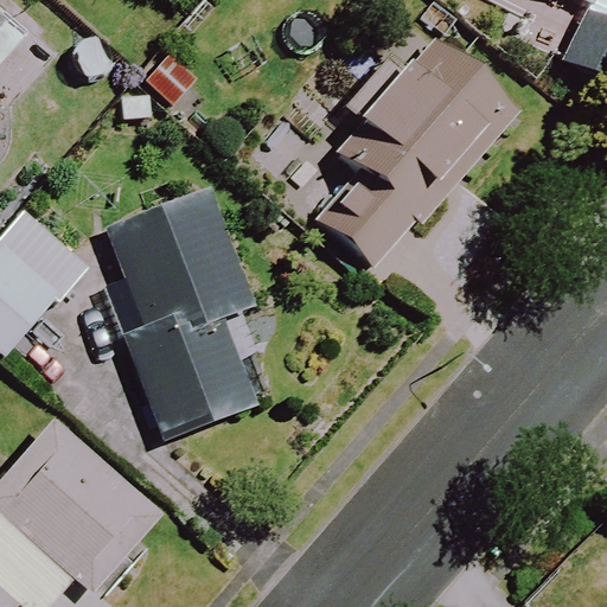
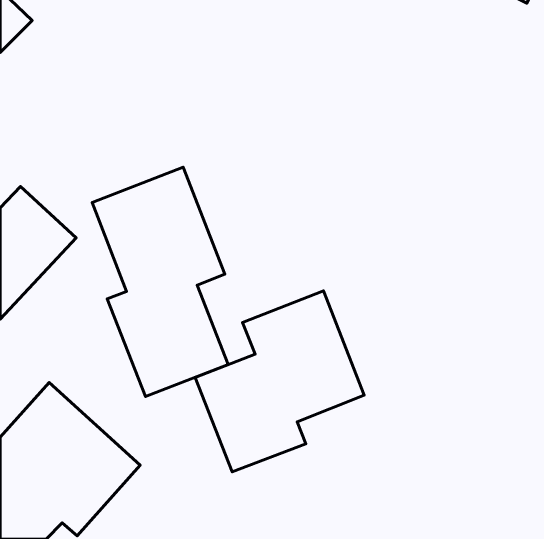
building: [320,44,512,271] -> none
building: none -> [195,291,364,472]

